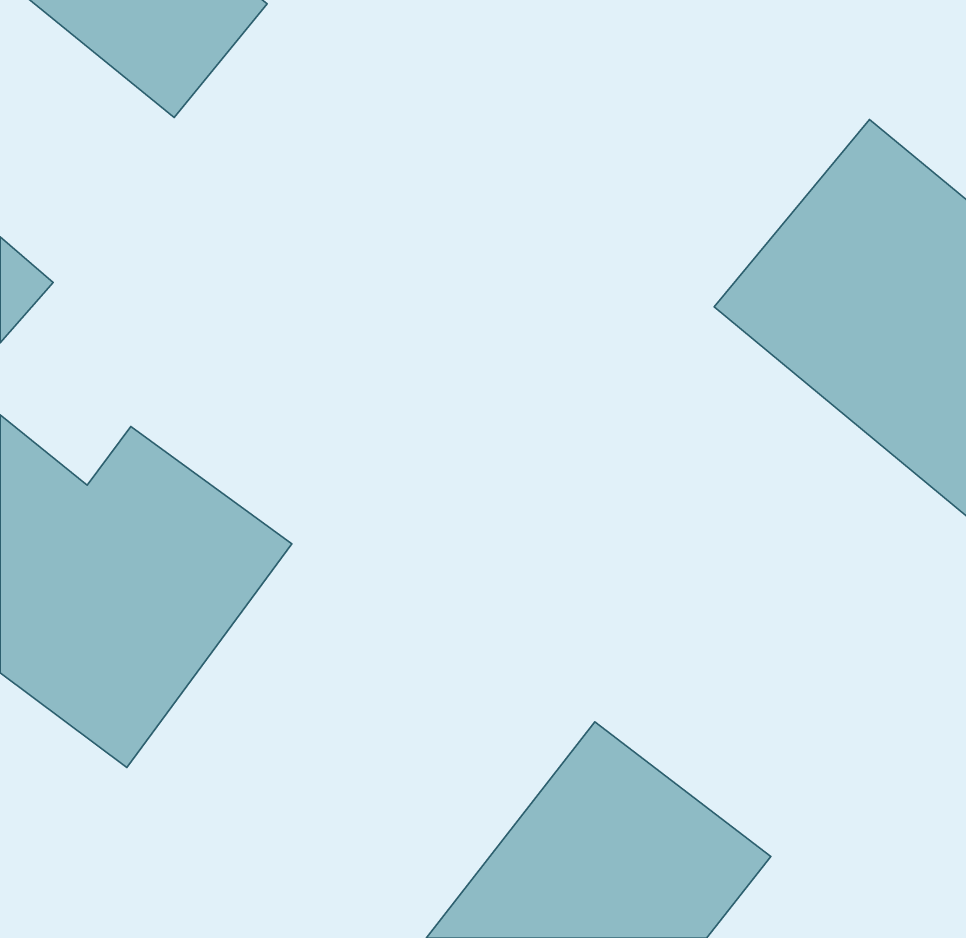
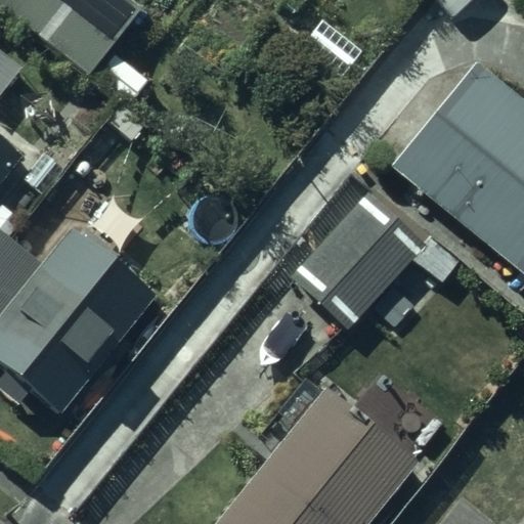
building: none -> [285,189,428,332]

